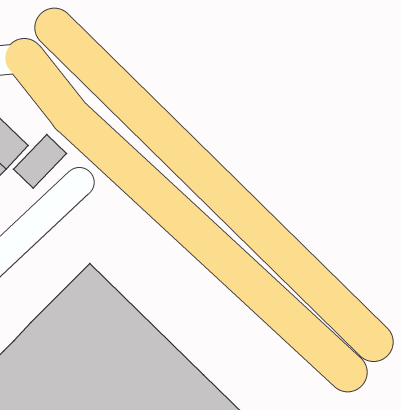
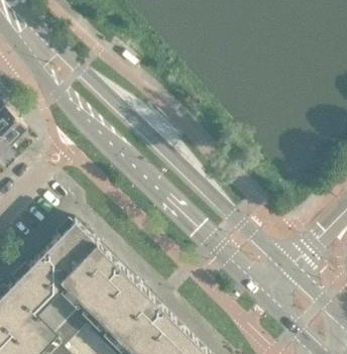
building: [14,134,66,188] -> none

